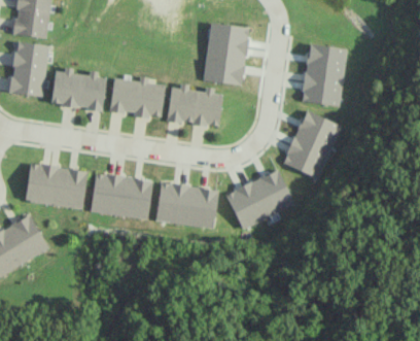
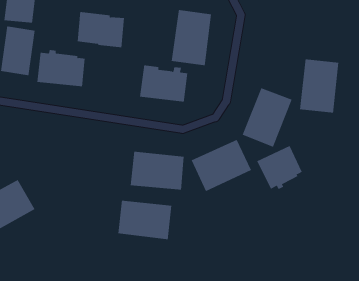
building: [302,44,347,106] -> [299,59,339,113]
building: [110,77,165,118] -> [77,11,125,48]
building: [25,164,87,209] -> none
building: [91,174,152,219] -> [118,200,172,240]
building: none -> [257,145,303,190]

